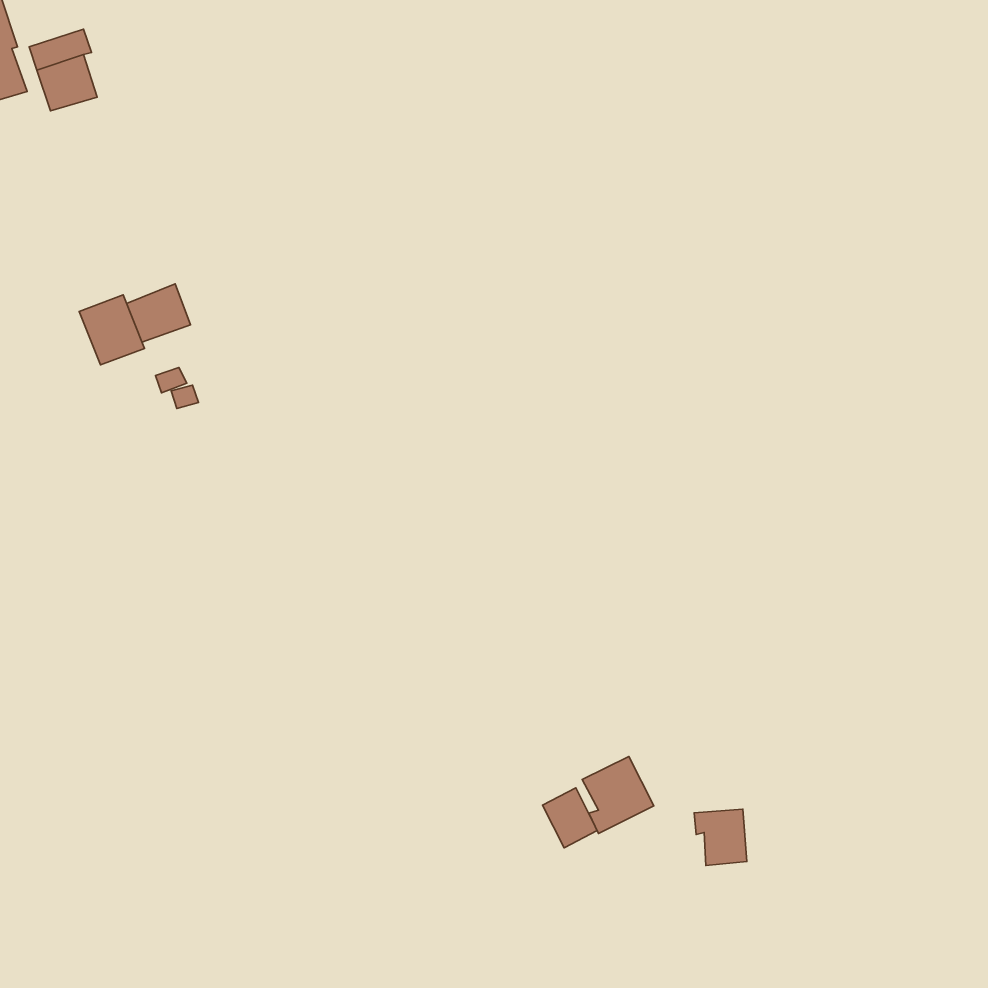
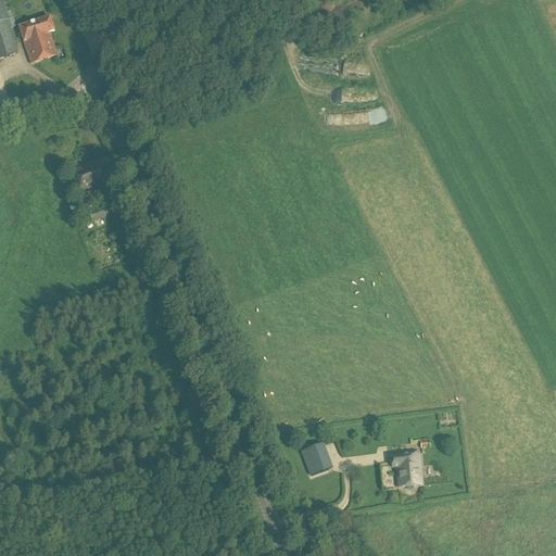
building: [79,295,144,365] -> none
building: [582,757,654,834] -> none

